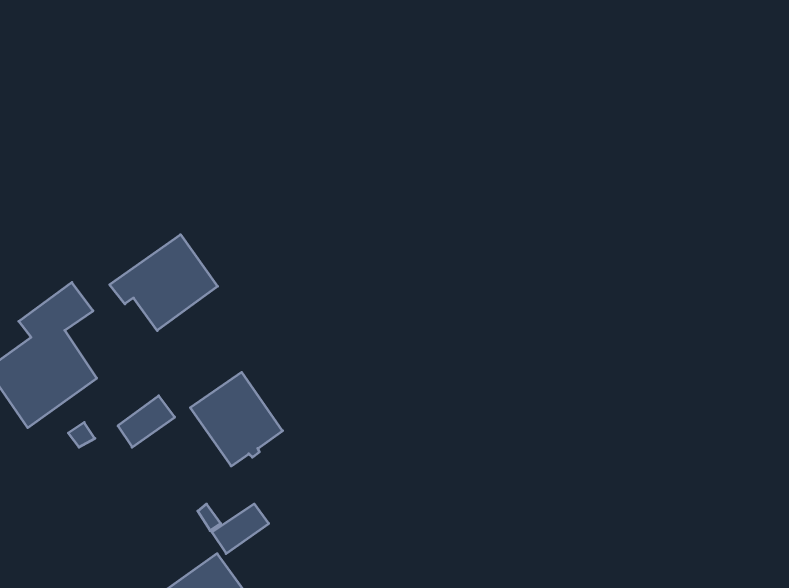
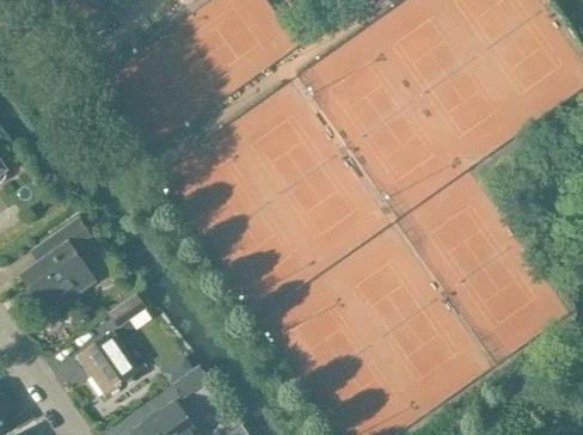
building: [110,235,218,331] -> none
building: [190,372,283,466] -> [76,331,139,394]

